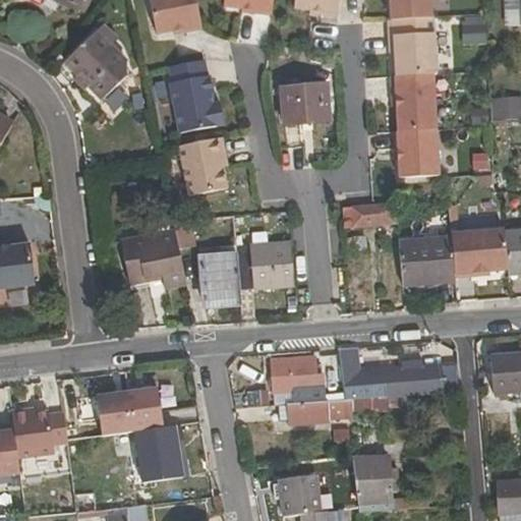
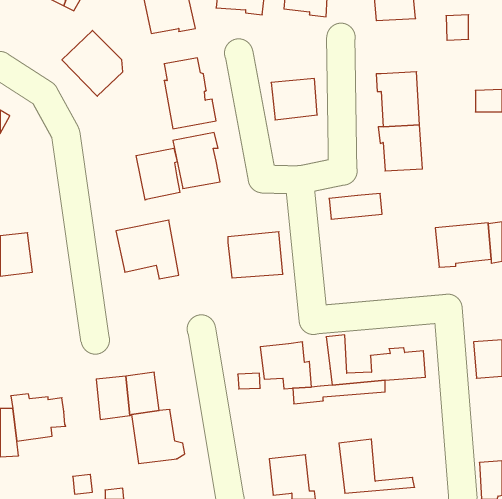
building: [387,18,436,76] -> none
building: none -> [136,148,180,200]
building: [398,236,455,285] -> none
building: [199,251,241,306] -> none

